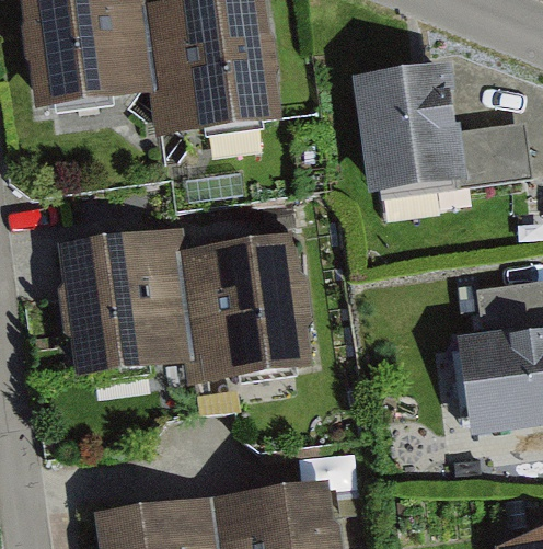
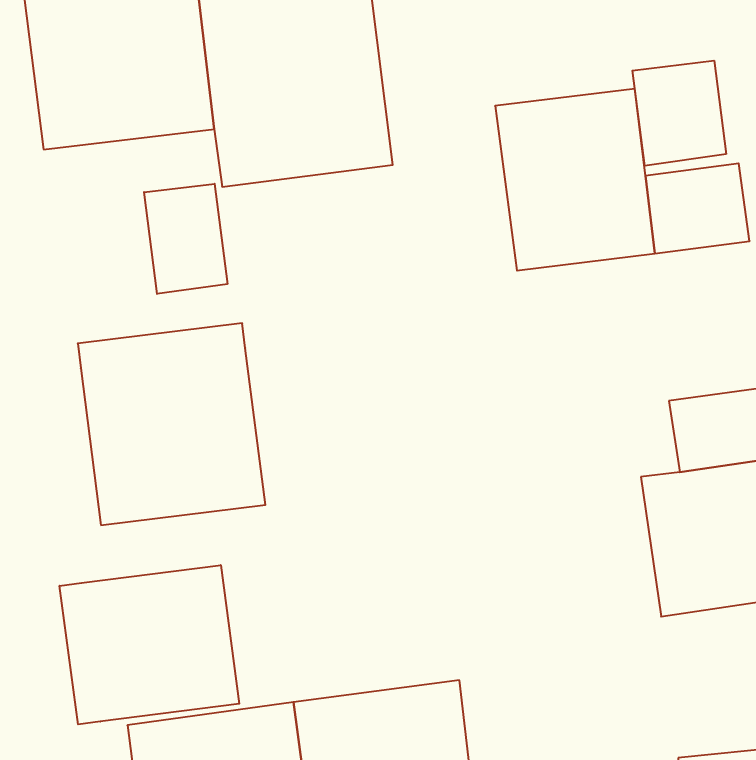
building: none -> [632,61,726,166]
building: none -> [144,184,227,294]
building: [177,235,312,382] -> none
building: none -> [60,565,239,724]

